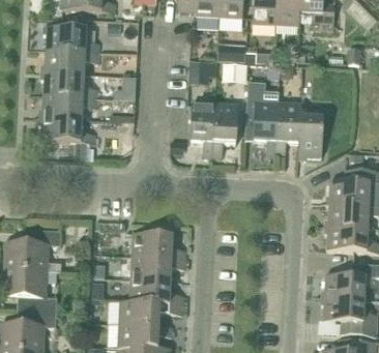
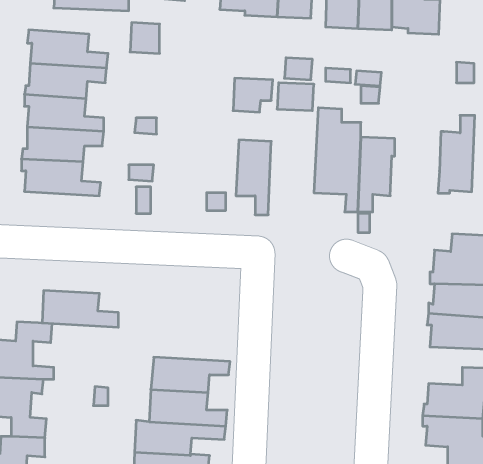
building: [298,102,324,157] -> [438,115,475,193]
building: [213,104,238,155] -> none
building: [133,233,186,259] -> [42,291,118,327]

